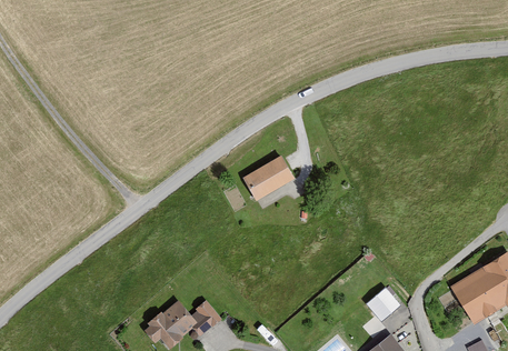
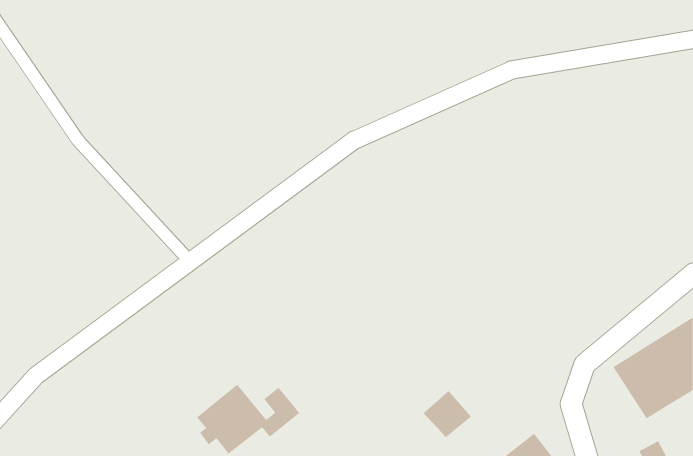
building: [243,157,296,203] -> none
building: [366,285,401,320] -> [423,390,472,438]

